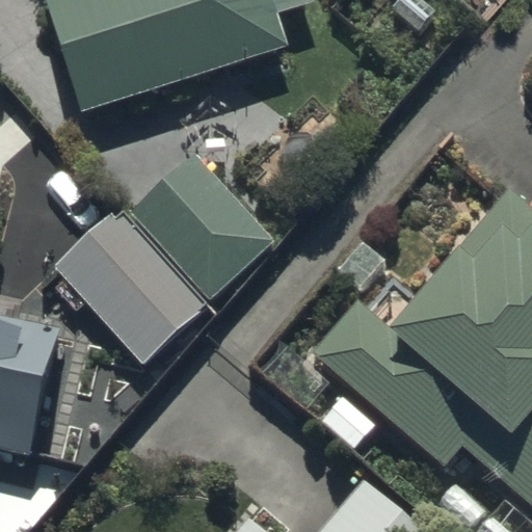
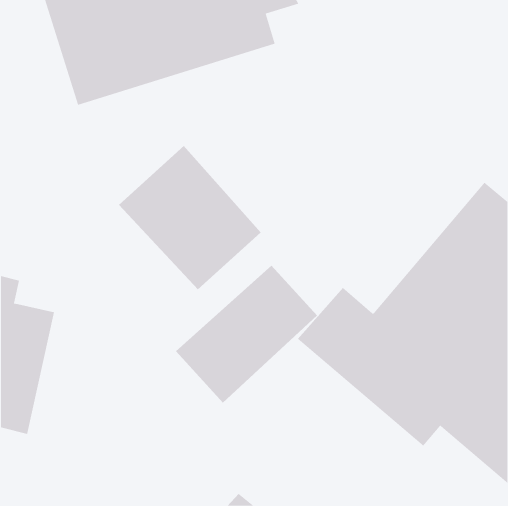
building: [53,207,207,362] -> none
building: none -> [175,265,318,404]

